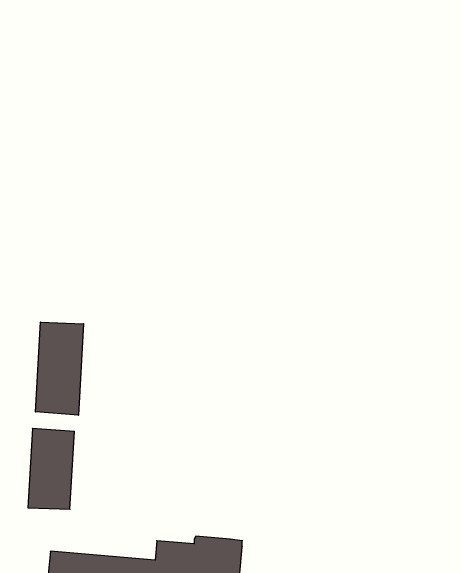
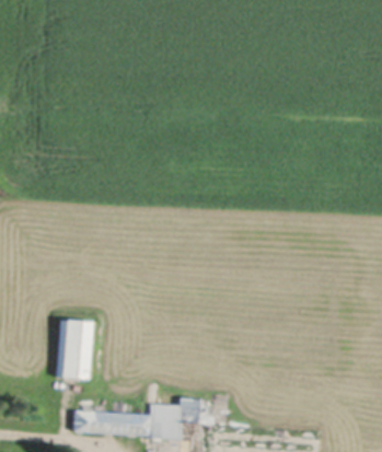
building: [36,322,84,415] -> none

